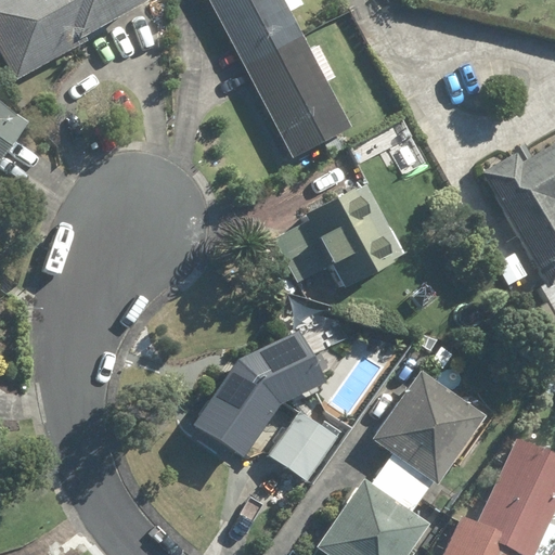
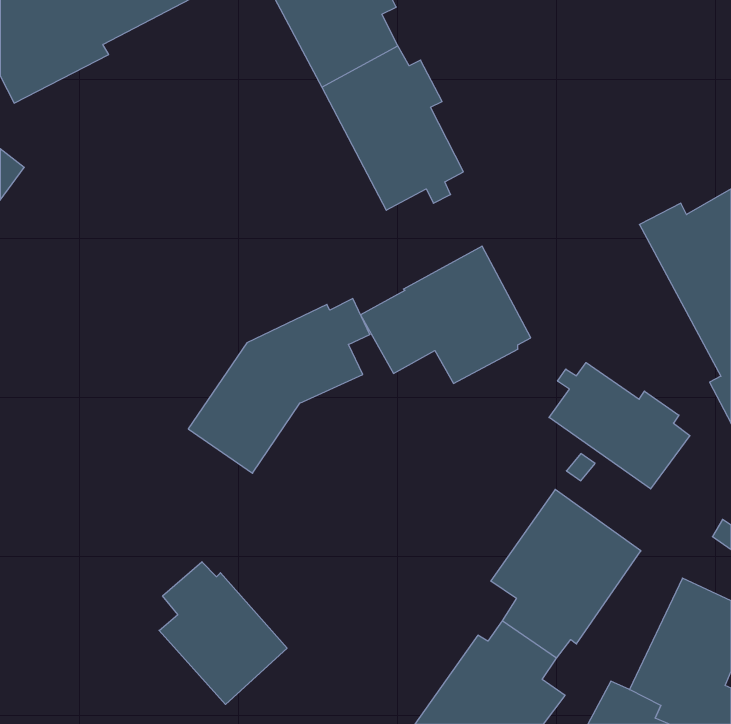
building: none -> [549,363,690,489]
building: [194,328,332,461] -> [188,299,370,473]
building: [267,411,336,482] -> none
building: none -> [159,562,287,704]

